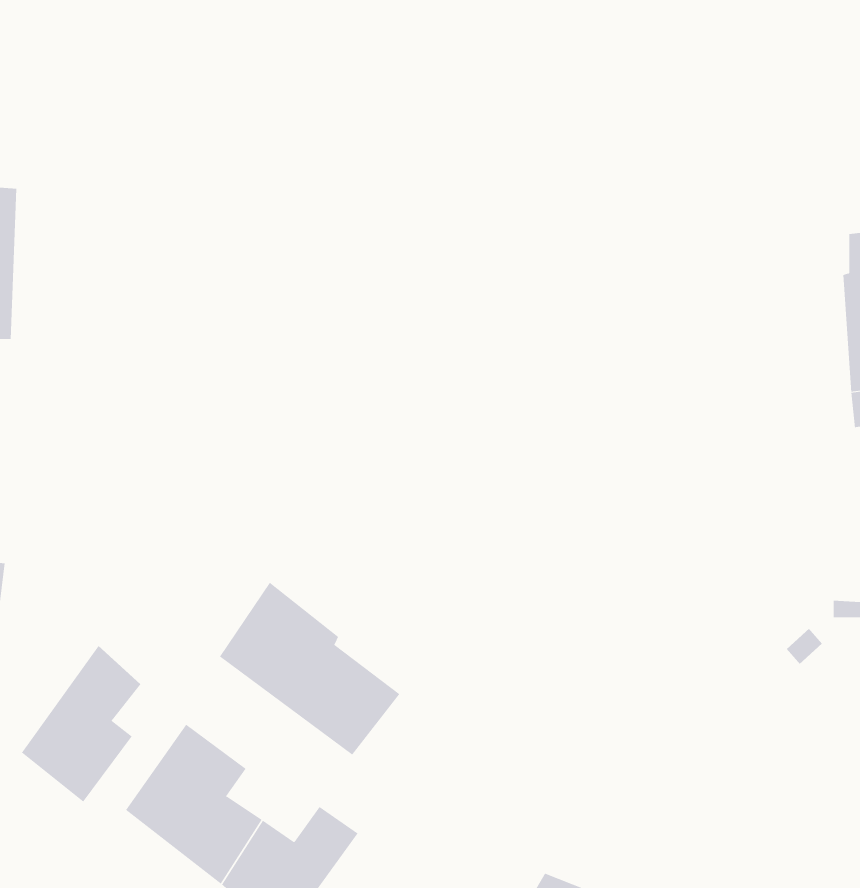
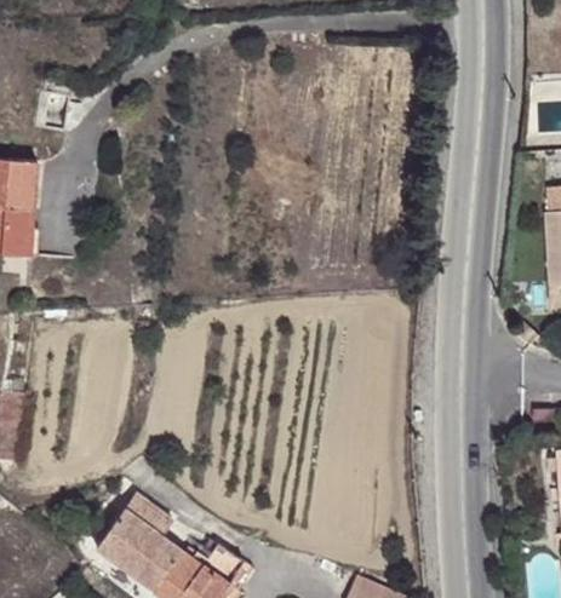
building: [219,582,400,756] -> none
building: [21,645,141,802] -> none

